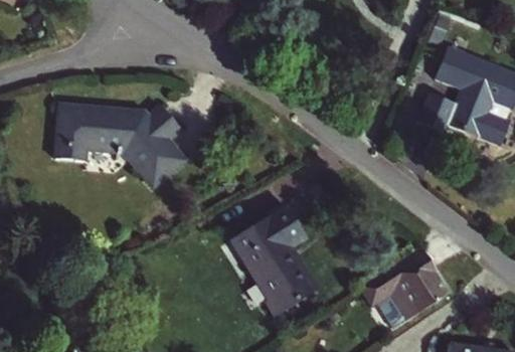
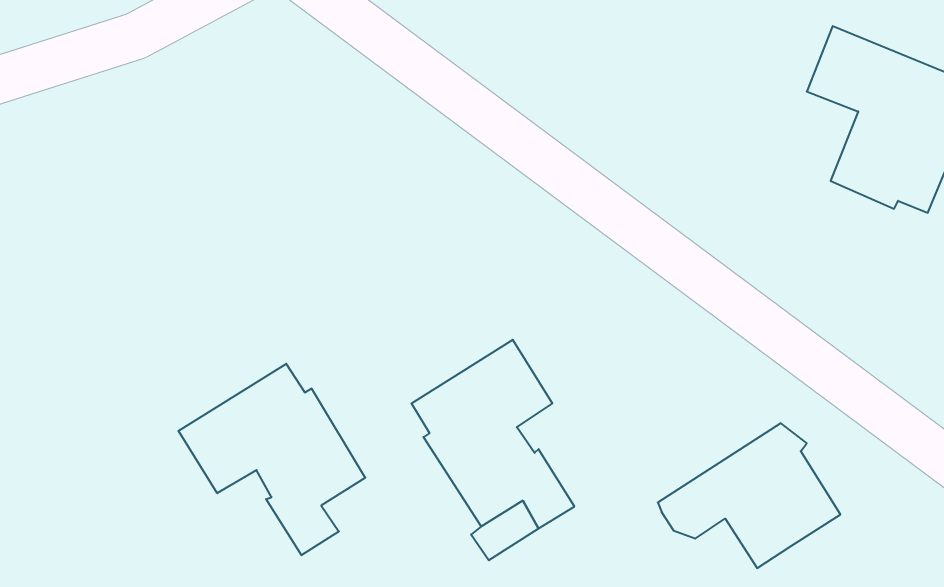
building: [56,106,186,188] -> none
building: none -> [178,364,365,555]

